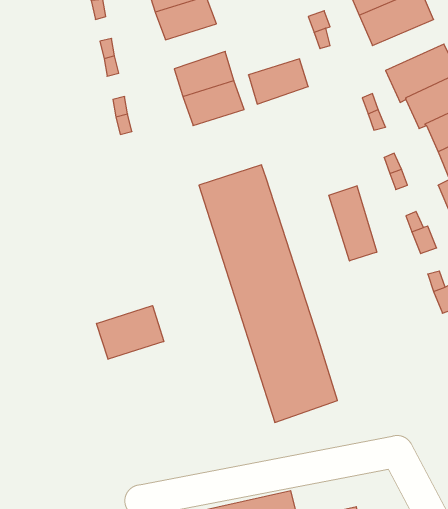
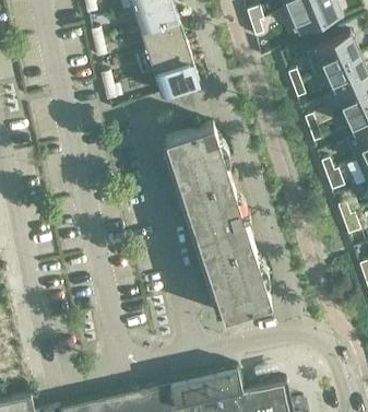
building: [248,59,308,104] -> [140,19,185,52]
building: [329,186,377,261] -> none
building: [97,306,164,359] -> none

